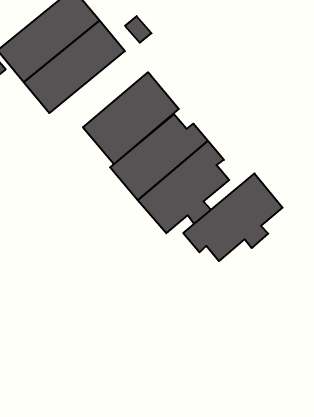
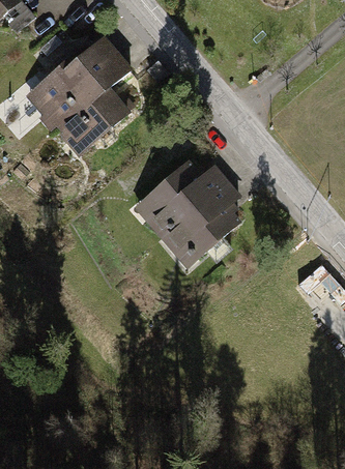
building: [83,72,179,164] -> none
building: [183,173,283,261] -> none

